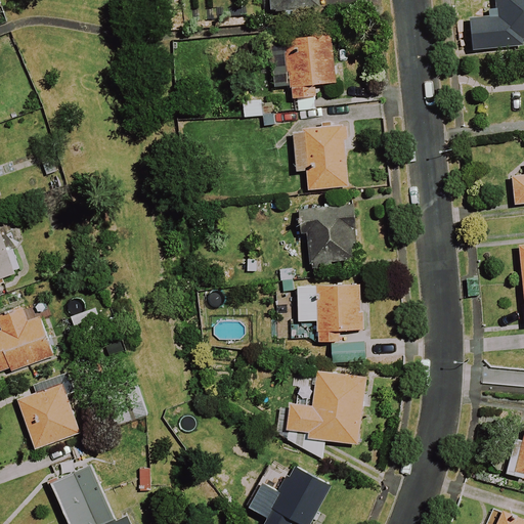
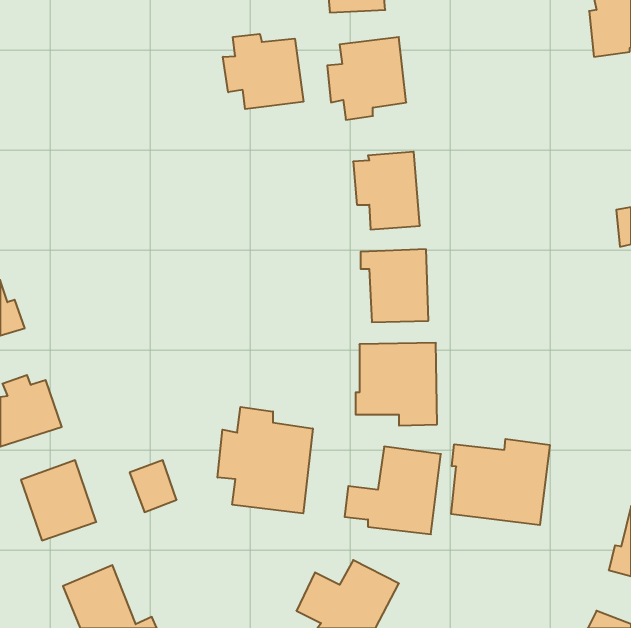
building: none -> [223,34,303,109]
building: none -> [218,407,313,513]
building: none -> [451,439,550,525]

